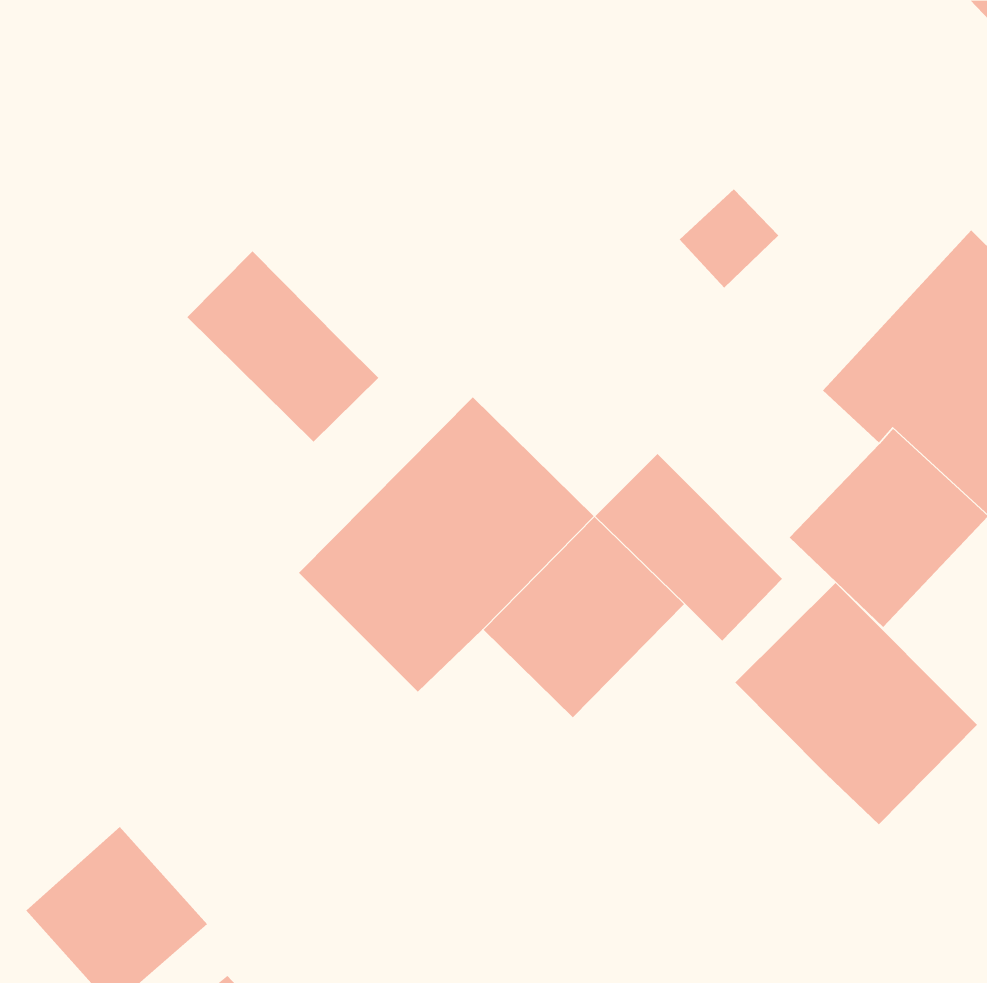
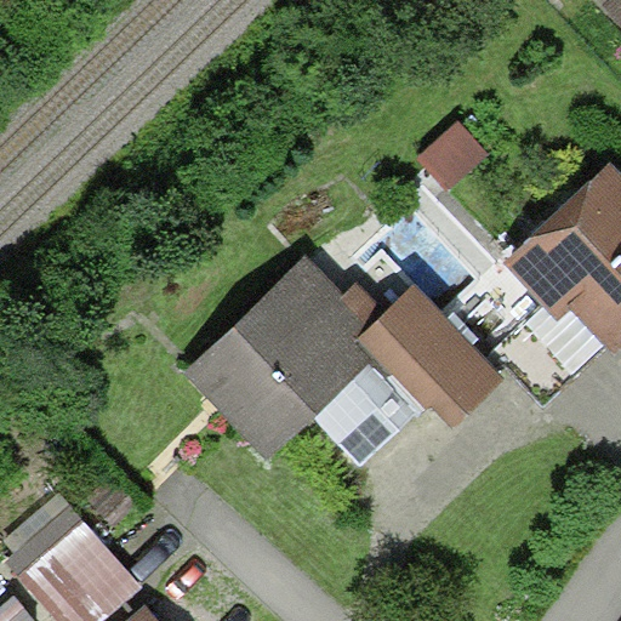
building: [187,250,379,442] -> none
building: [735,582,978,825] -> none

